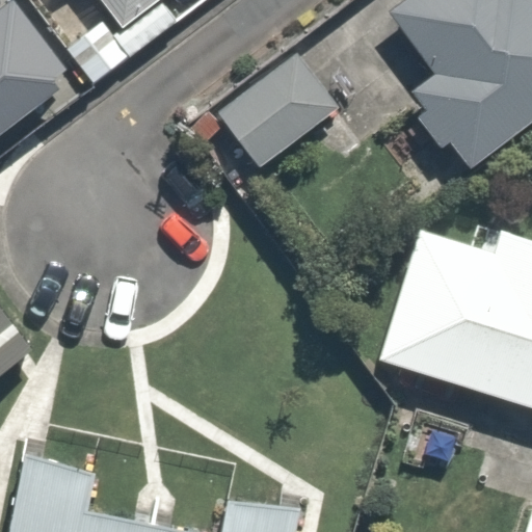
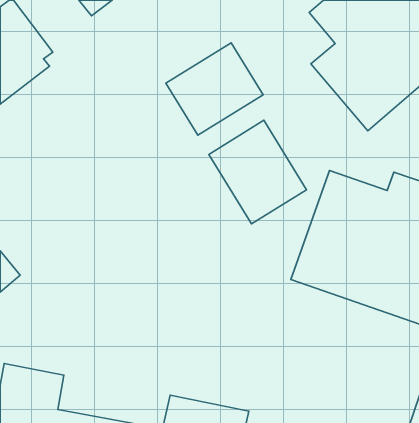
building: none -> [209,120,307,224]

